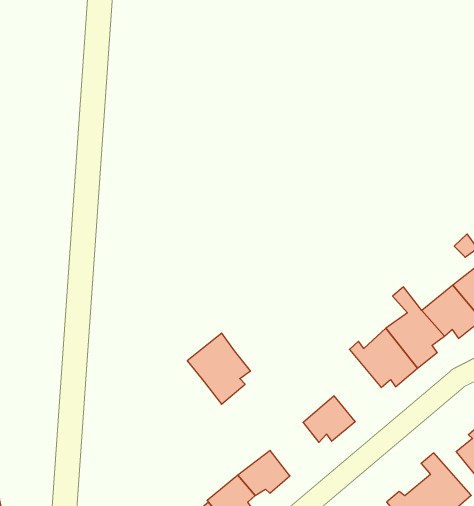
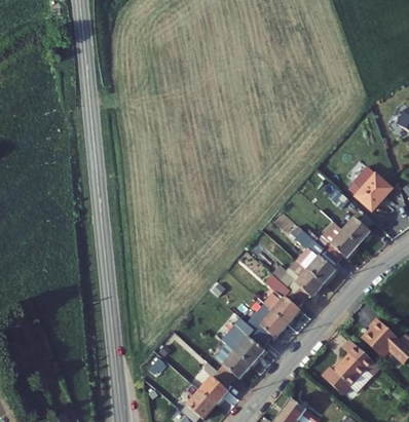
building: [187,333,250,404] -> [224,321,266,368]
building: none -> [266,279,301,325]

